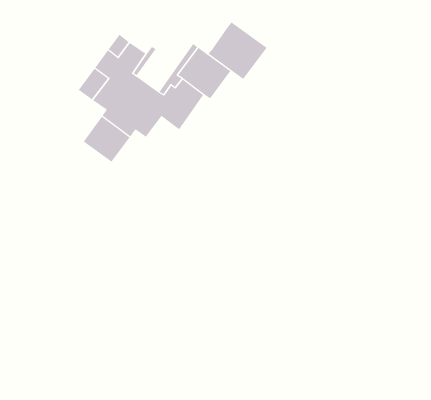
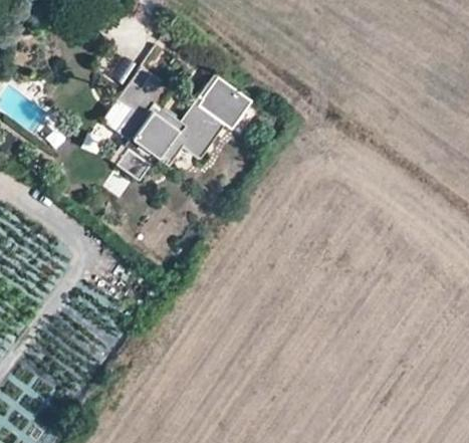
building: [207,22,267,80] -> none

